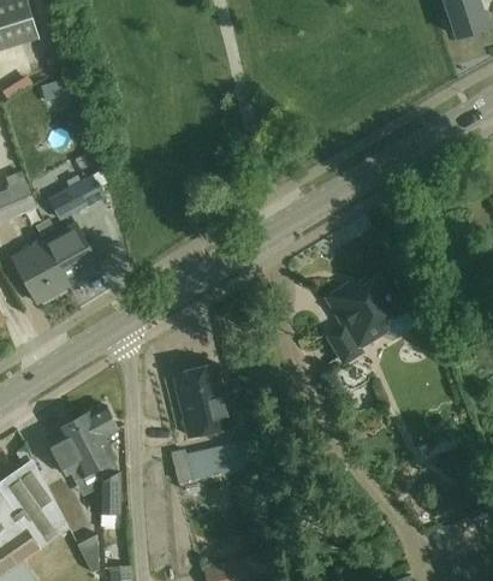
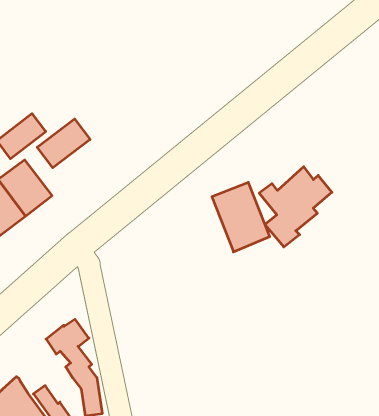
building: none -> [37,119,90,168]
building: [173,363,230,437] -> [212,182,270,252]
building: [44,422,93,480] -> none
building: [171,440,250,482] -> none

